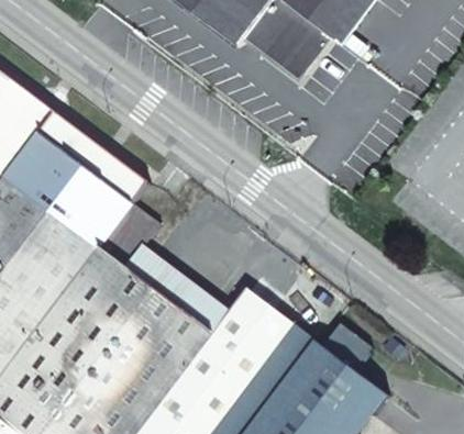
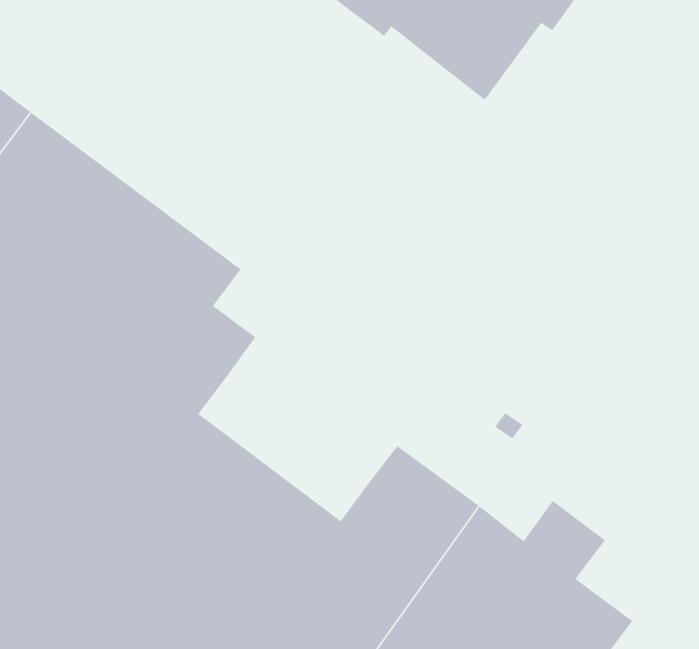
building: [125,251,225,336] -> none

